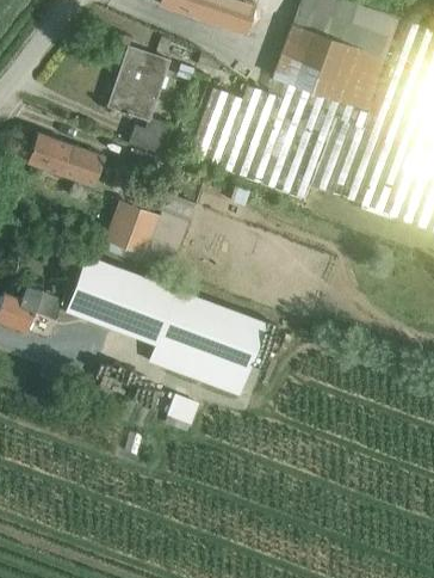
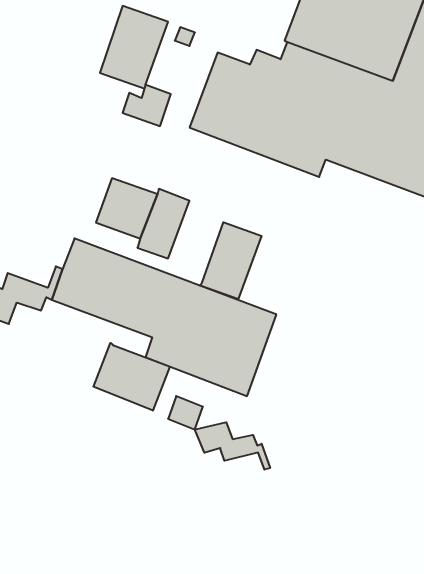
building: [25,131,103,184] -> none
building: none -> [200,222,262,299]
building: none -> [93,343,170,411]
building: none -> [195,422,270,470]

